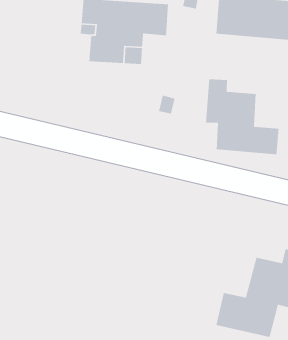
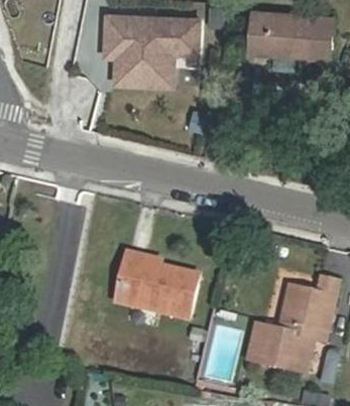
building: [205,79,280,155] -> none
building: none -> [114,252,197,318]

